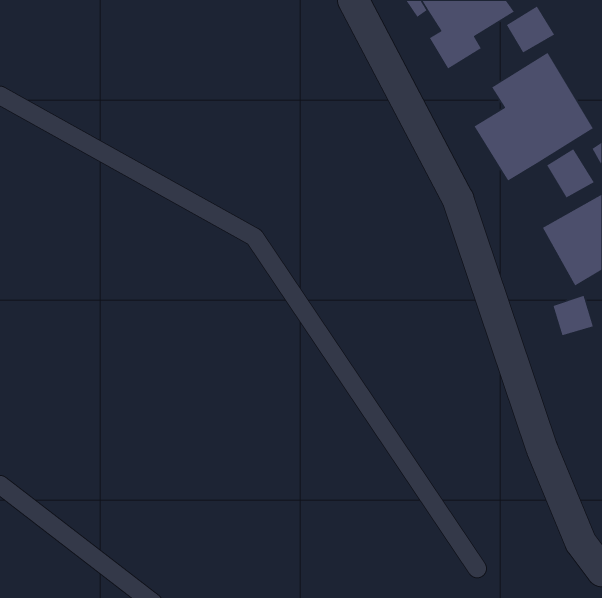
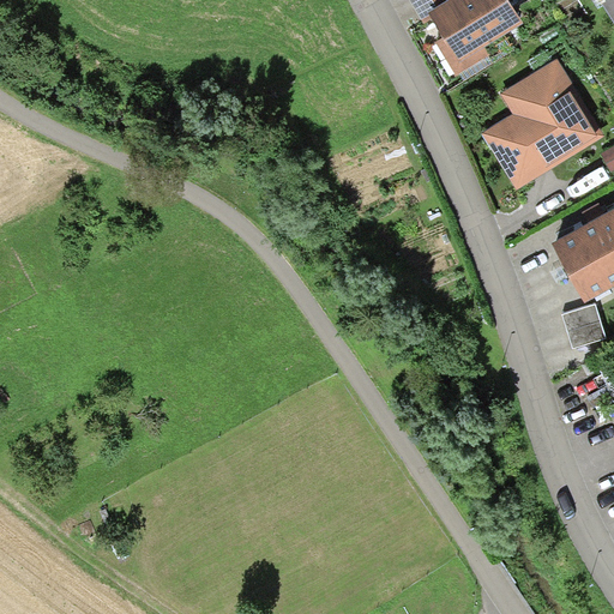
building: [506,6,555,53] -> none
building: [546,148,595,199] -> none

